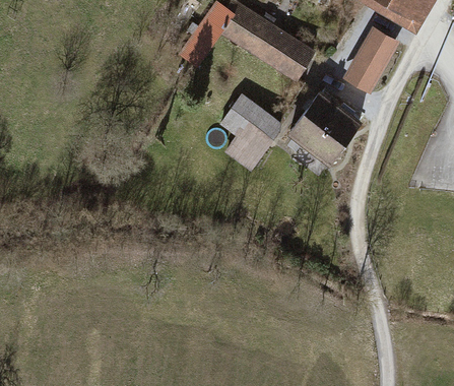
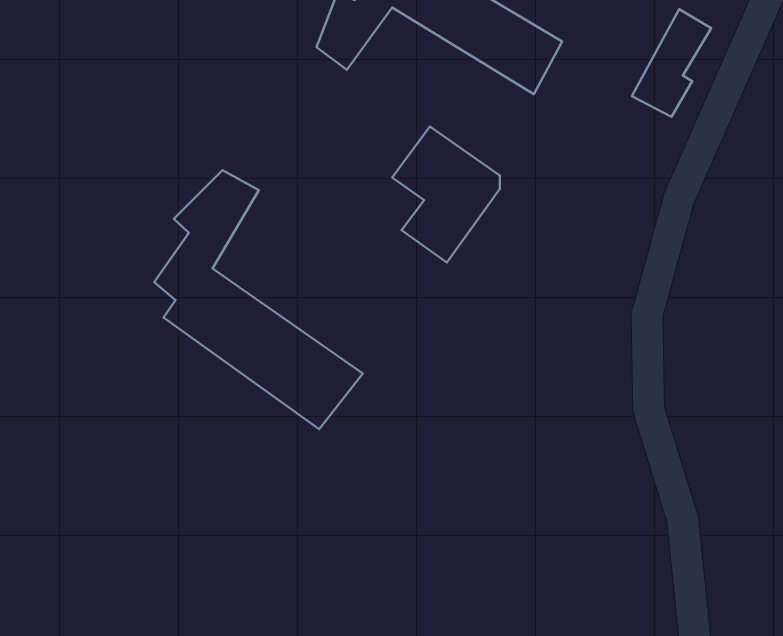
building: [291,94,359,162] -> none
building: none -> [154,170,363,429]

